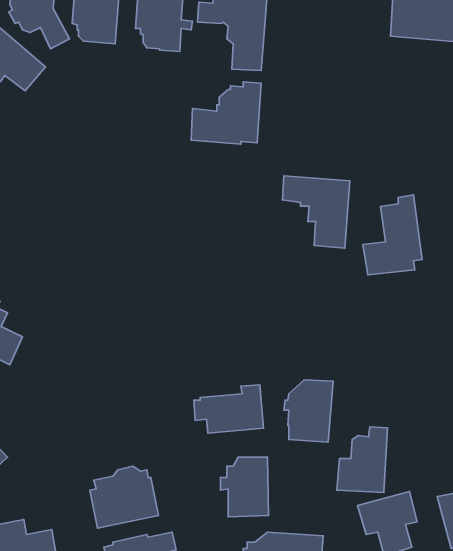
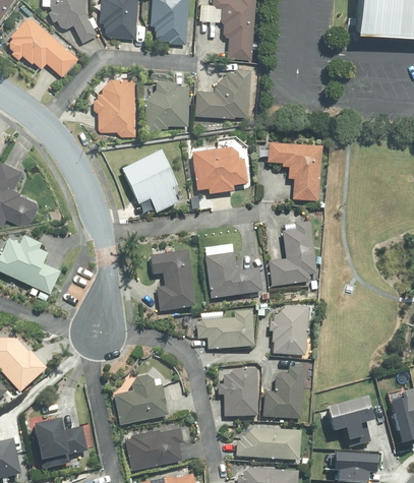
building: none -> [94,76,136,134]
building: none -> [145,79,188,130]
building: none -> [193,148,247,193]
building: none -> [123,150,177,210]
building: [363,195,422,275] -> [269,222,316,286]
building: none -> [205,244,263,298]
building: none -> [151,249,196,311]
building: [337,427,388,493] -> [263,366,304,419]

